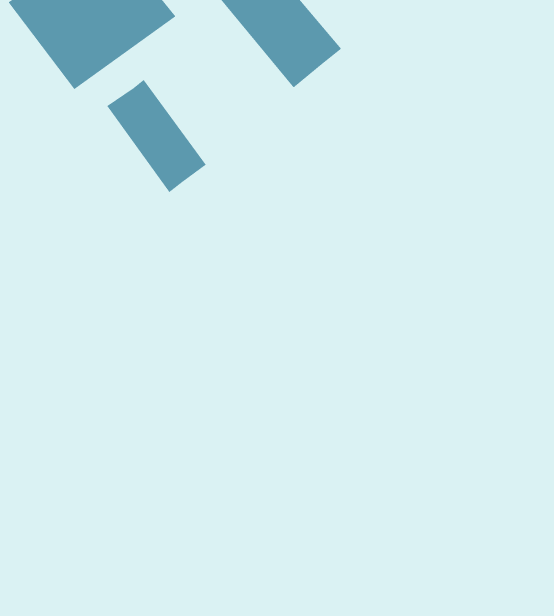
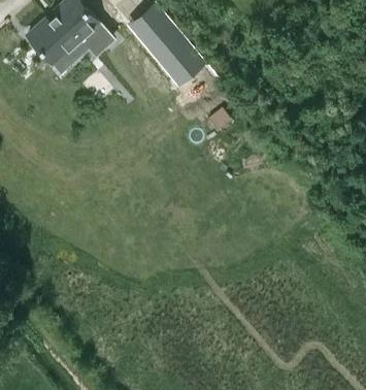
building: [106,79,207,193] -> none

